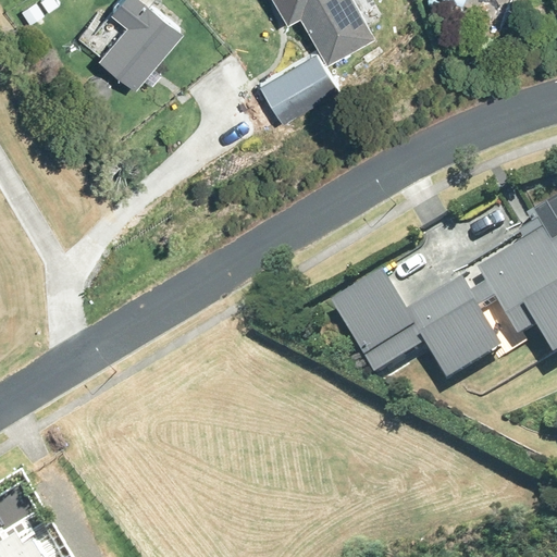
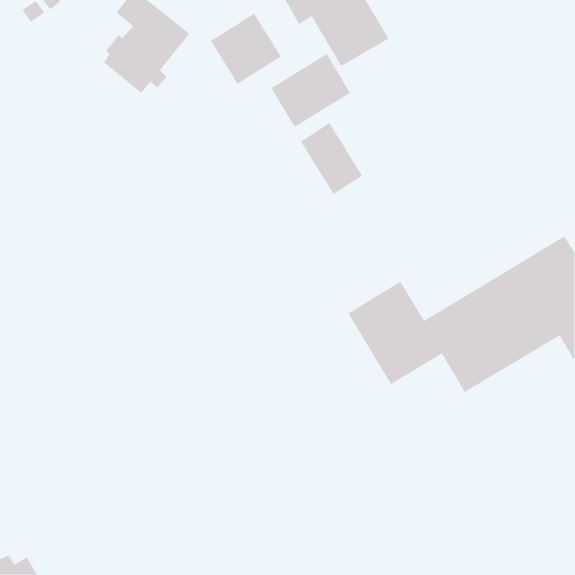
building: none -> [210,13,282,85]
building: none -> [300,122,363,195]

